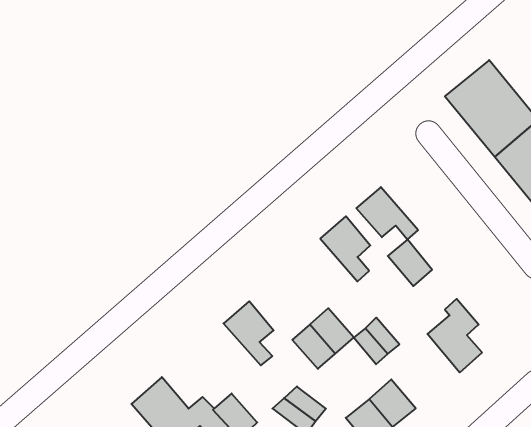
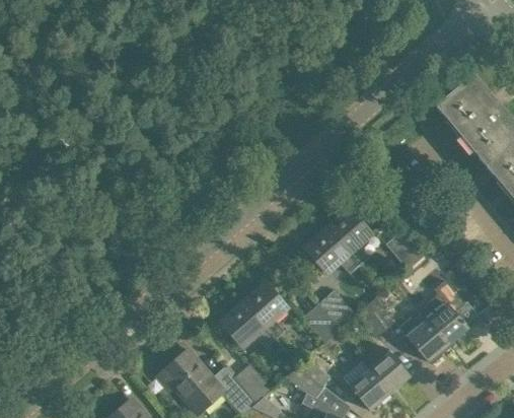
building: [356,187,418,240] -> [305,229,359,275]
building: none -> [221,303,275,348]
building: none -> [400,312,448,364]

